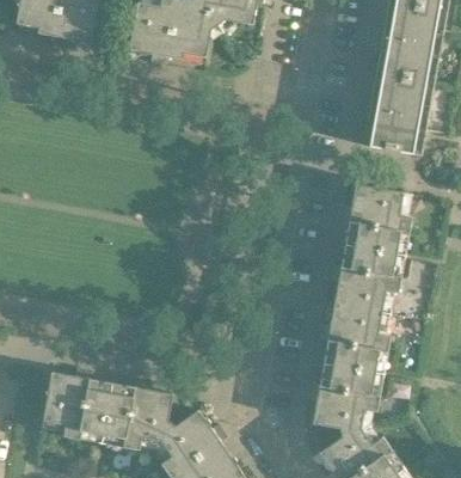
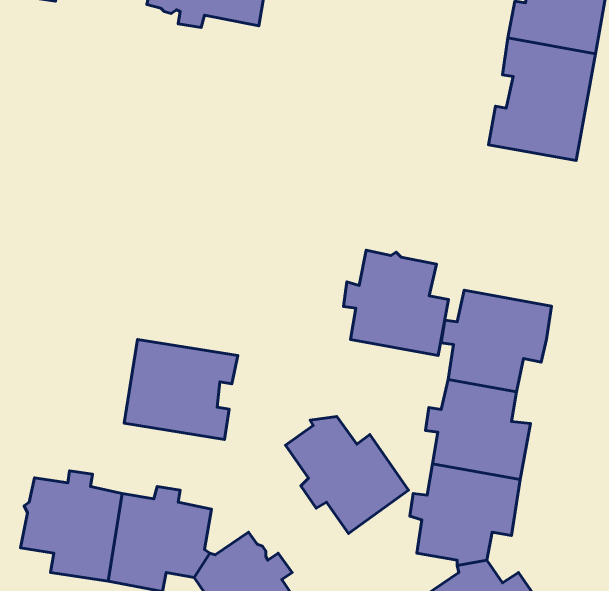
building: [339,184,411,256] -> [343,250,449,355]
building: none -> [124,339,238,439]
building: none -> [285,417,409,533]

